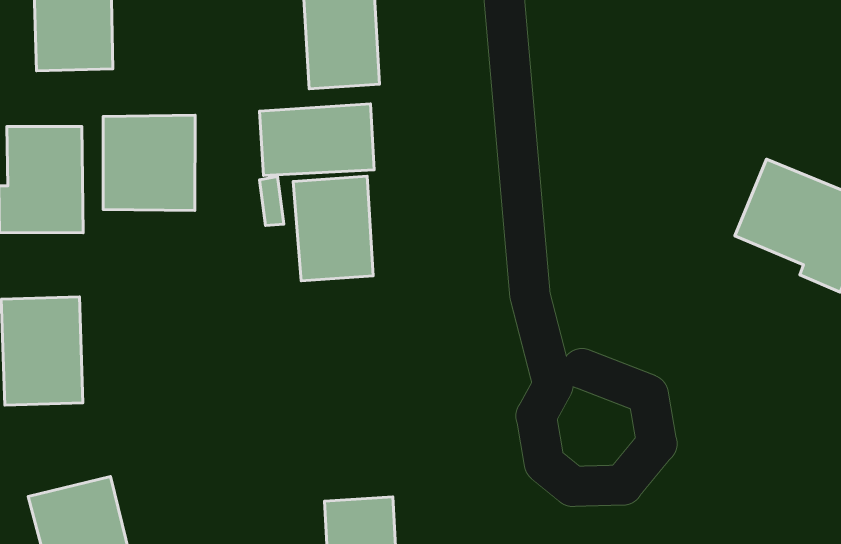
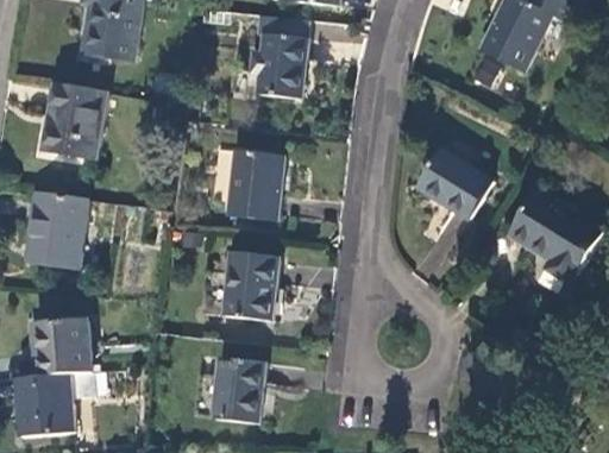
building: [259,104,374,176] -> none
building: [103,115,195,211] -> none
building: none -> [419,149,494,220]
building: none -> [222,251,277,321]

